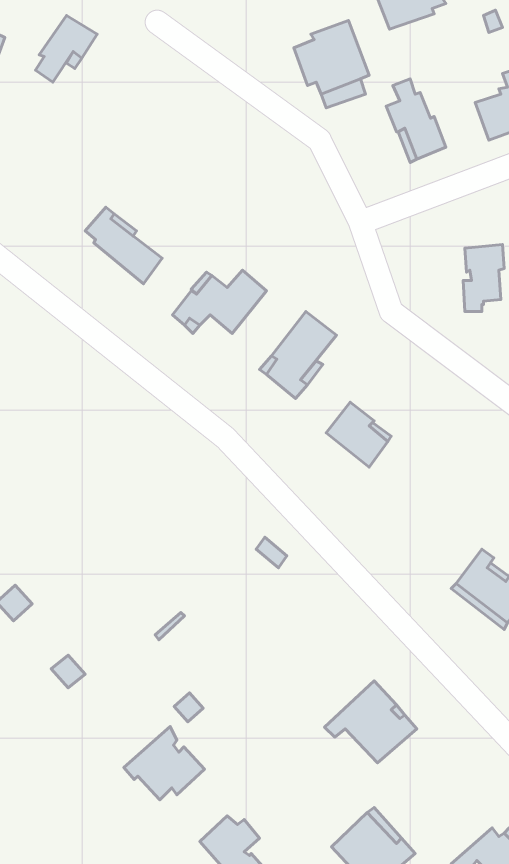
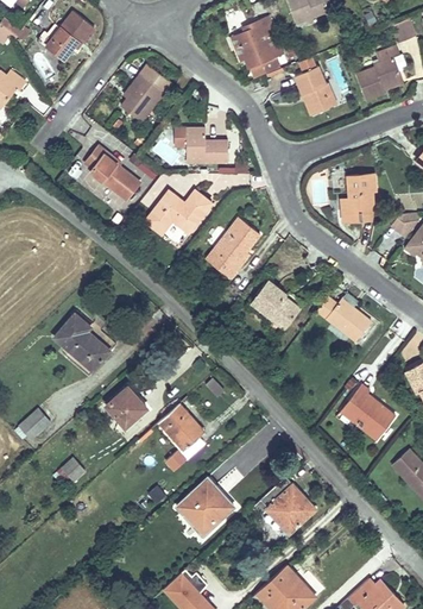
building: none -> [121,64,171,123]
building: none -> [187,127,228,162]
building: none -> [317,297,371,341]
building: none -> [55,315,109,370]
building: none -> [106,388,145,427]
building: none -> [159,404,204,471]
building: [124,726,204,800] -> [177,477,233,528]

